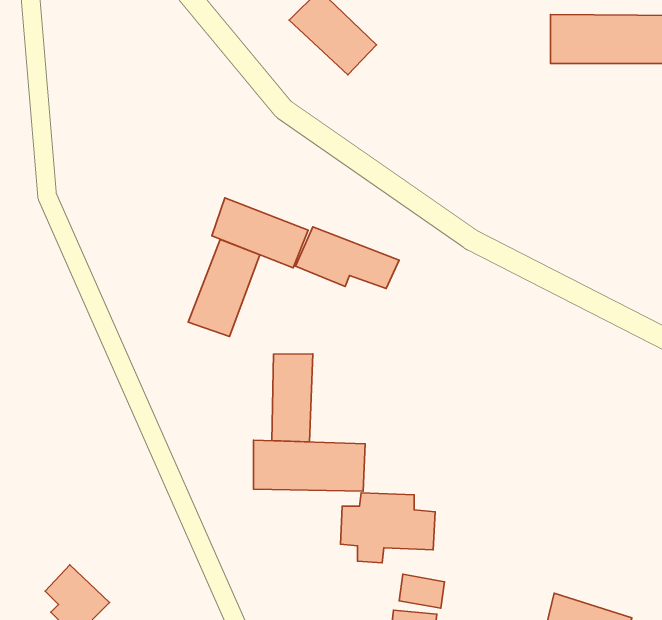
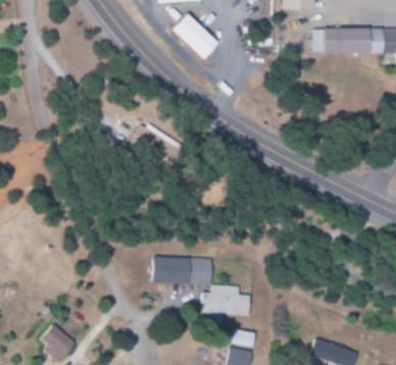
building: [295,227,399,288] -> none
building: [188,239,260,337] -> none
building: [272,354,313,442] -> none

